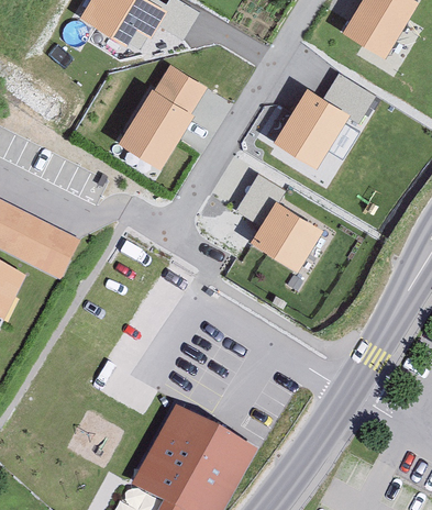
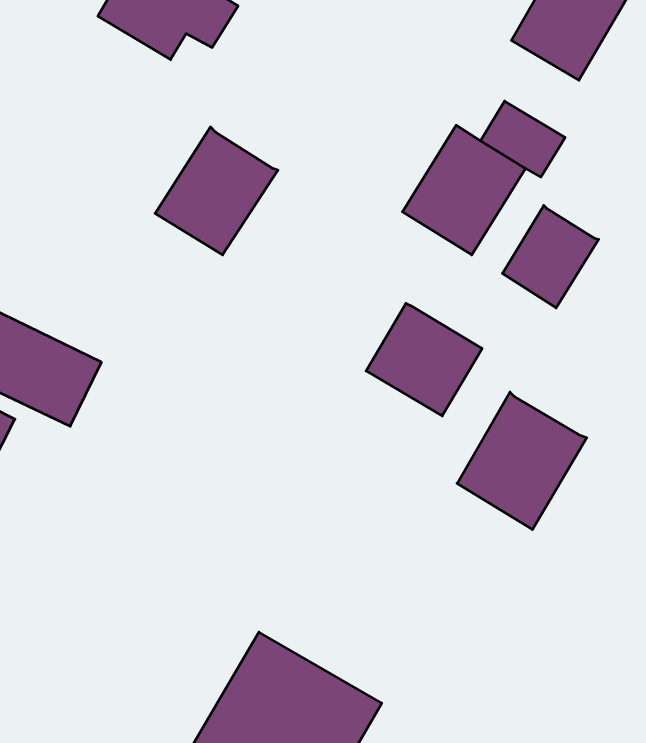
building: [154,65,207,114] -> none
building: none -> [502,205,599,308]
building: [236,173,286,224] -> none
building: none -> [457,392,587,530]

